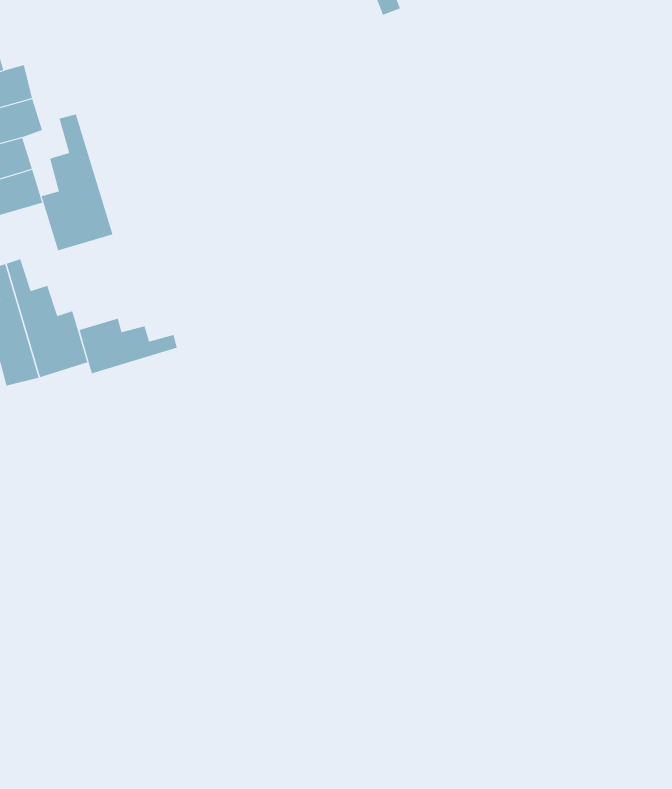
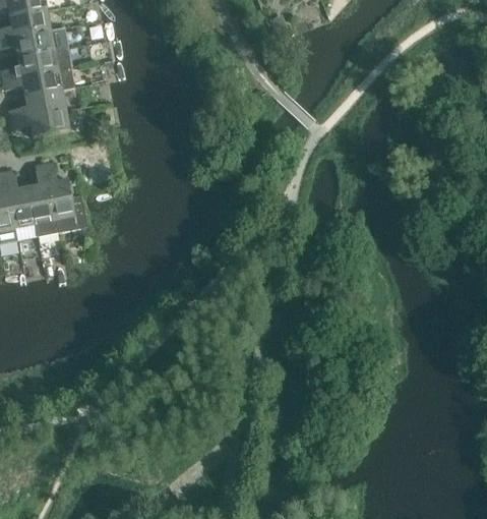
building: [41,114,113,251] -> none
building: [79,318,178,374] -> none

